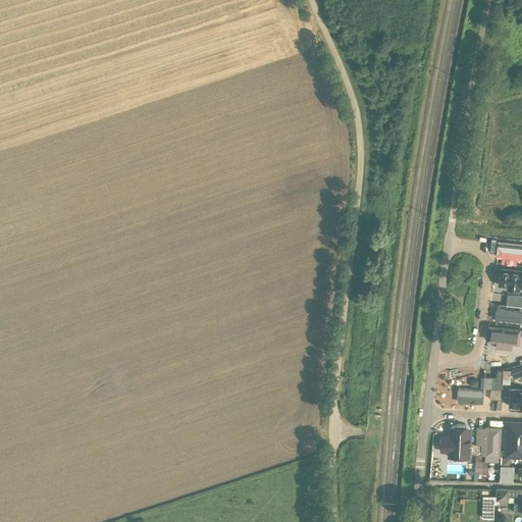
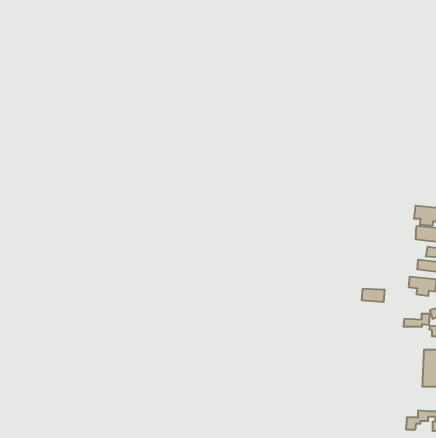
building: [457,392,484,407] -> [362,289,385,302]
building: [480,424,505,459] -> none
building: [439,431,471,462] -> none

